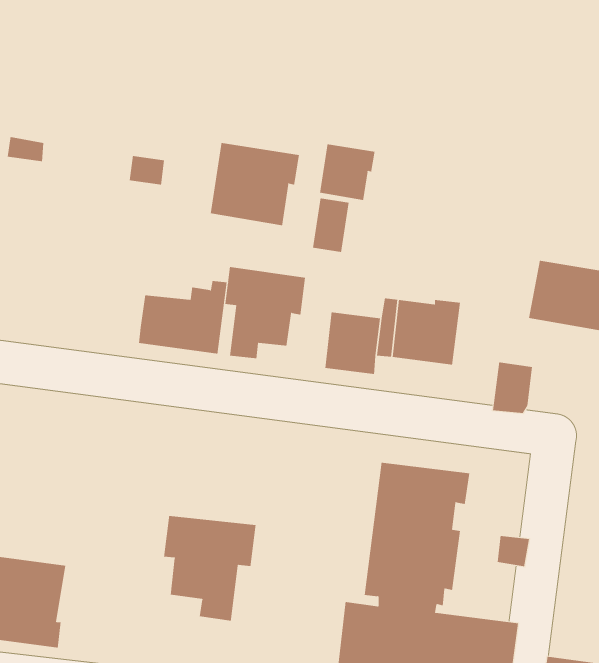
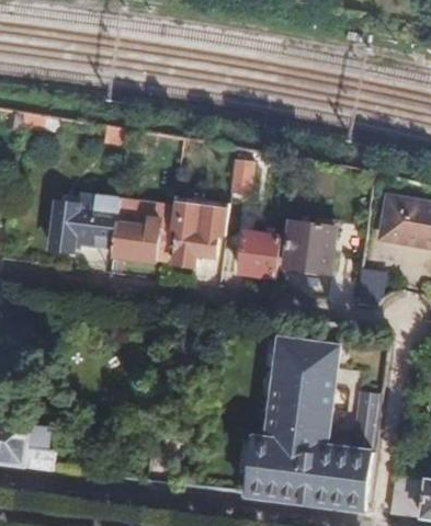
building: [210,142,300,226] -> none
building: [319,144,375,201] -> none
building: none -> [48,194,116,251]
building: [163,515,256,621] -> none

